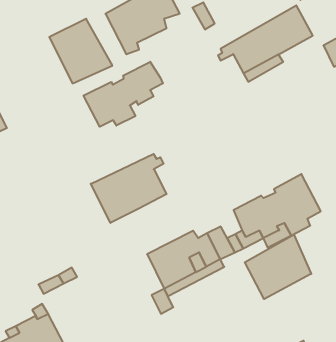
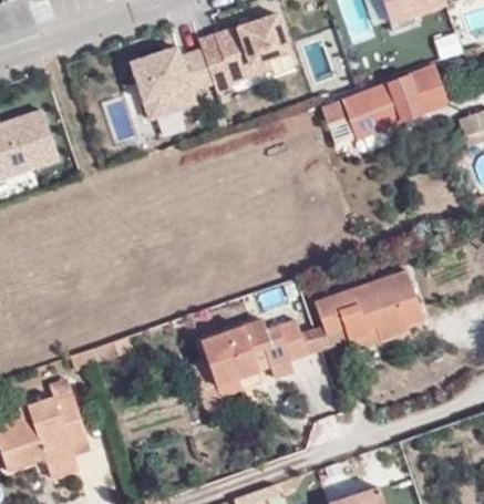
building: [84,62,163,127] -> none
building: [91,154,167,223] -> none
building: [245,235,311,299] -> none

